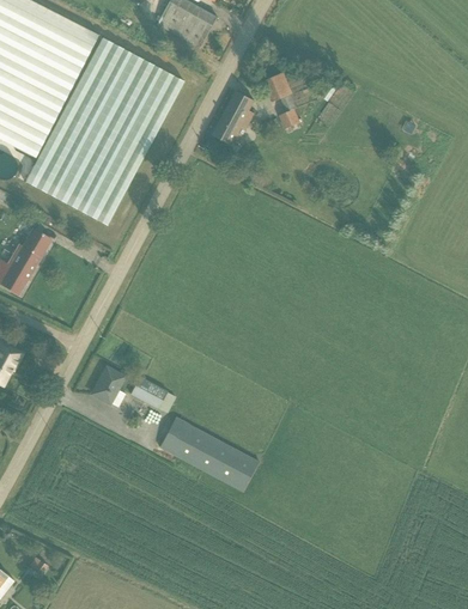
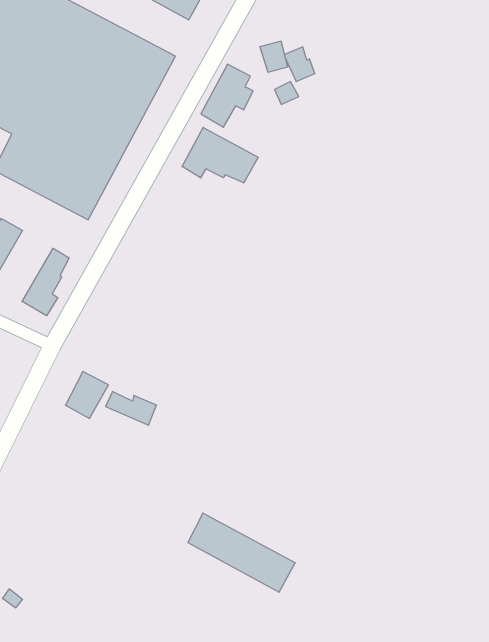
building: none -> [182,127,258,183]
building: none -> [22,248,69,316]
building: [163,415,259,486] -> [188,513,295,592]

